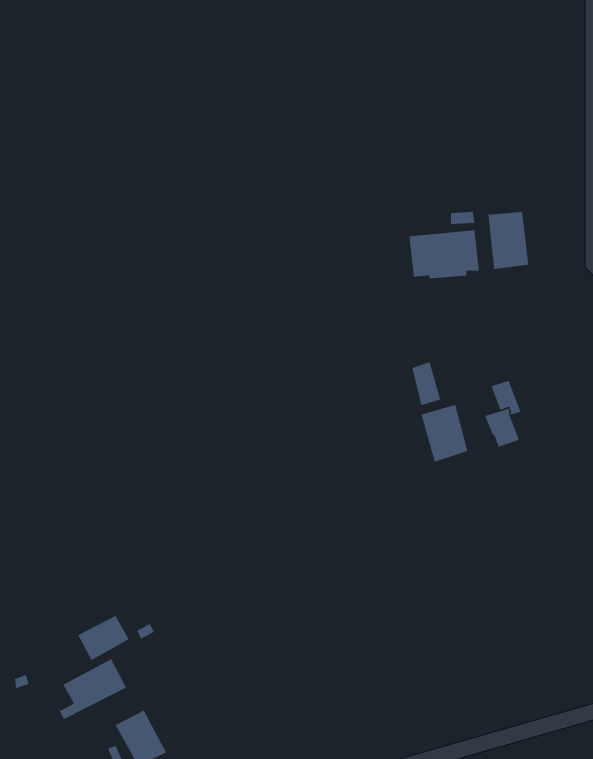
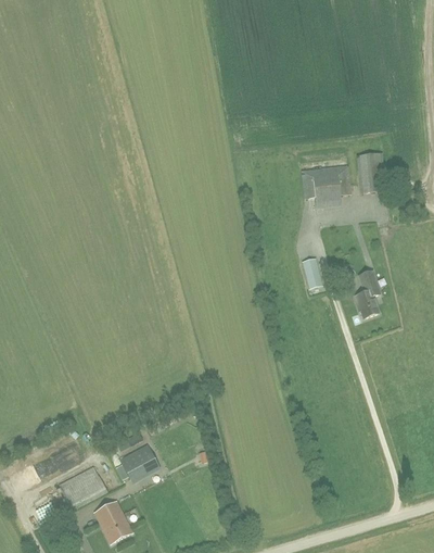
building: [420,404,468,463] -> none
building: [77,615,130,661] -> [119,445,156,478]

